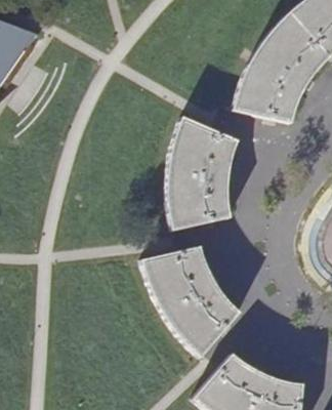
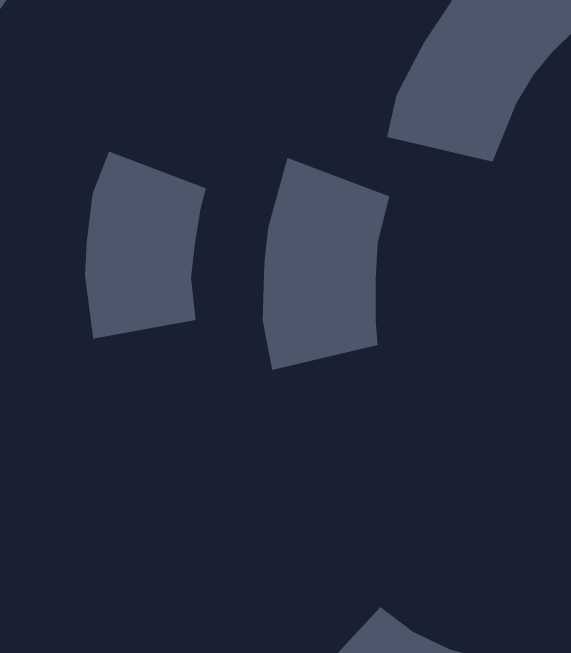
building: none -> [84,151,207,340]
building: [142,247,237,356] -> none

